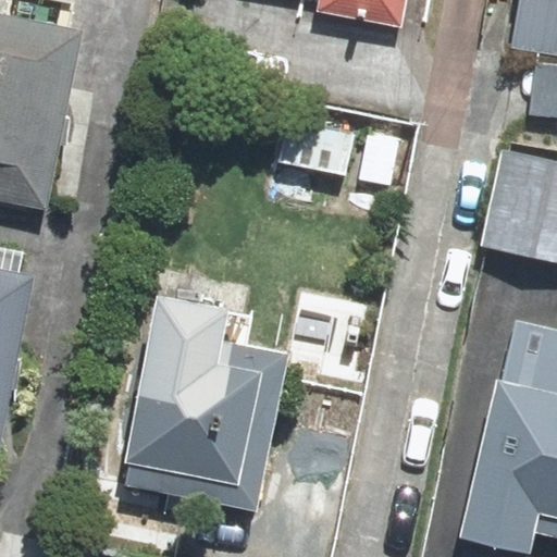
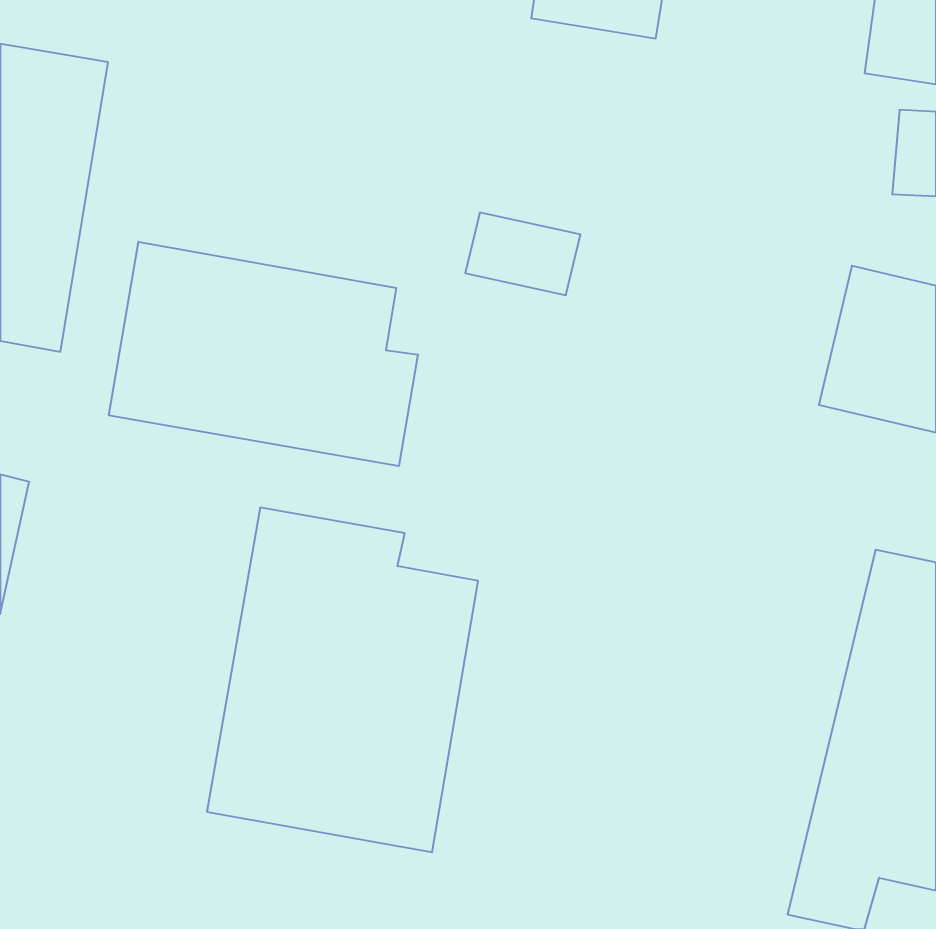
building: none -> [109,242,418,466]

